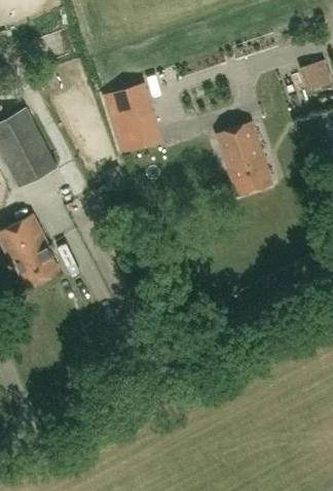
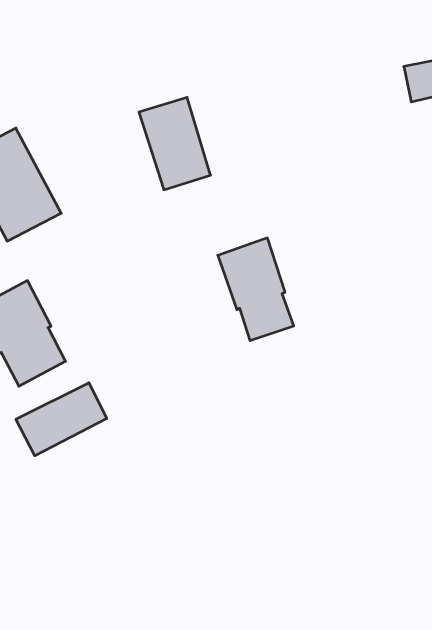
building: [216,122,269,195] -> [218,238,294,341]
building: none -> [16,383,107,456]

